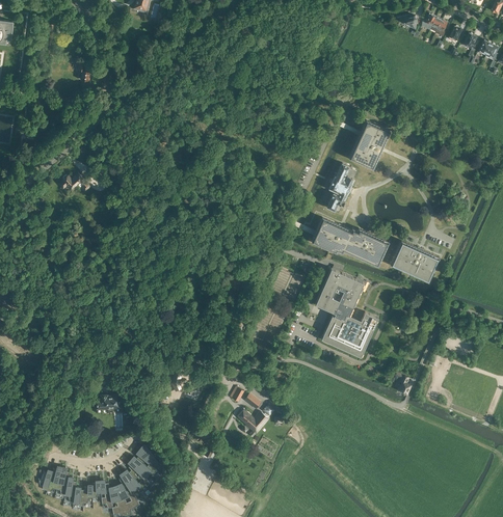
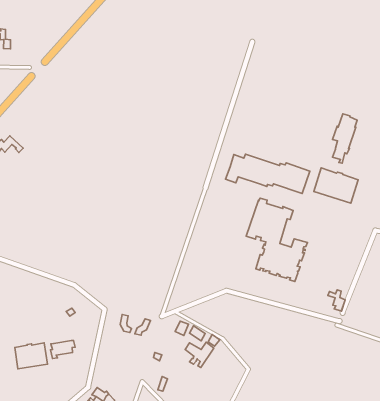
building: [351,123,392,169] -> none
building: [325,163,355,215] -> [332,114,357,163]
building: none -> [15,343,47,369]

